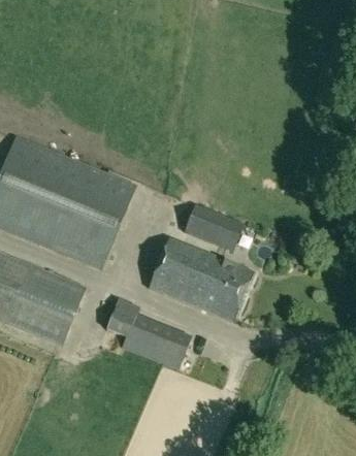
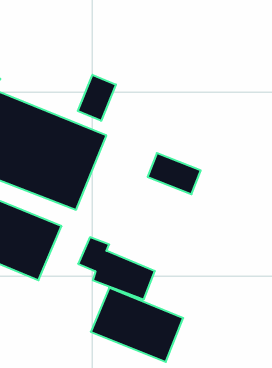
building: none -> [78,75,116,121]
building: [149,238,253,322] -> [91,288,183,362]

